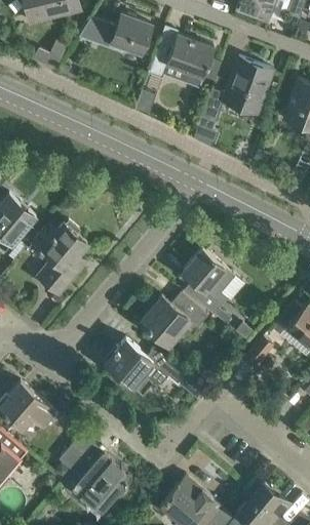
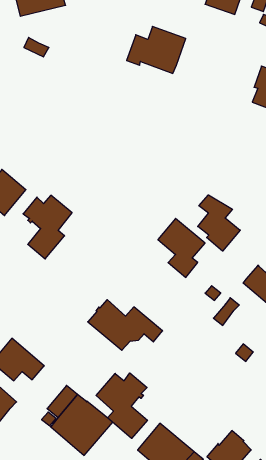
building: [77,15,151,55] -> none
building: [200,59,272,124] -> none
building: none -> [198,195,240,251]
building: [140,293,207,346] -> none
building: none -> [96,373,147,438]

